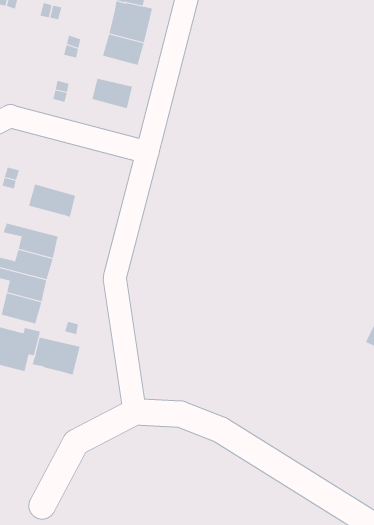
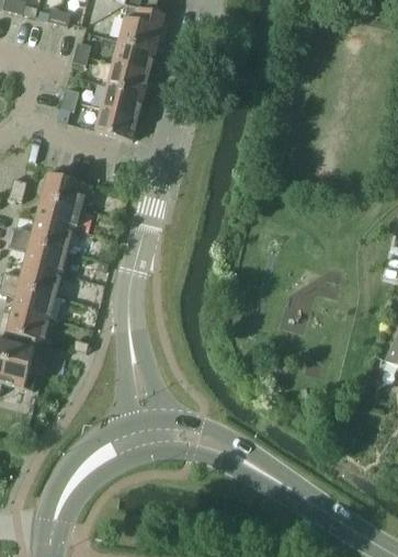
building: none -> [106,62,149,94]
building: none -> [94,107,138,140]
building: none -> [42,172,91,207]
building: none -> [12,218,72,250]
building: [32,337,80,375] -> none

